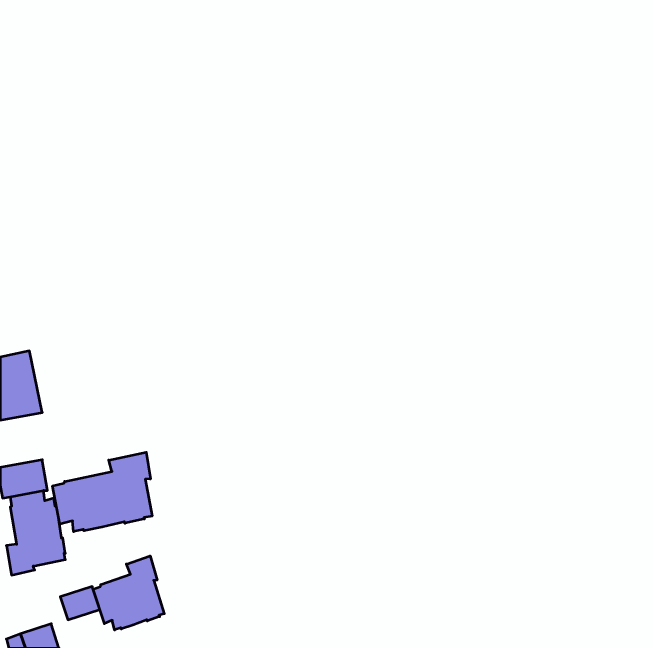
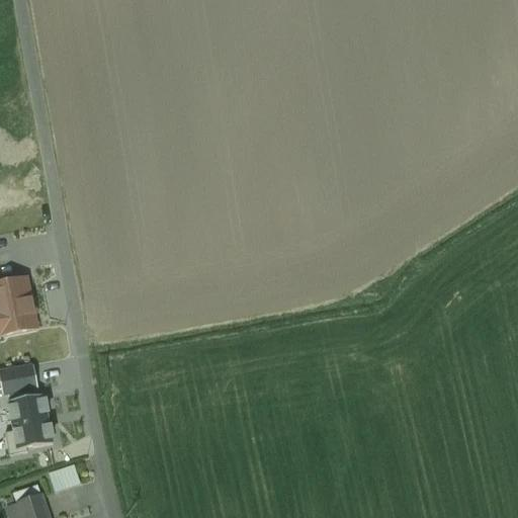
building: [53,452,152,532] -> none
building: [93,556,164,630] -> none

